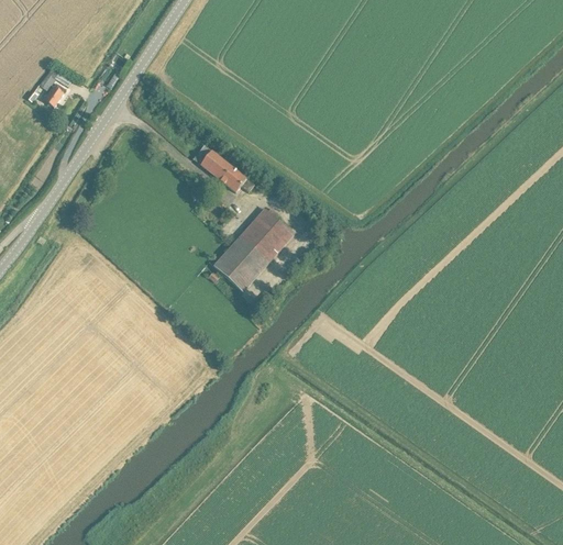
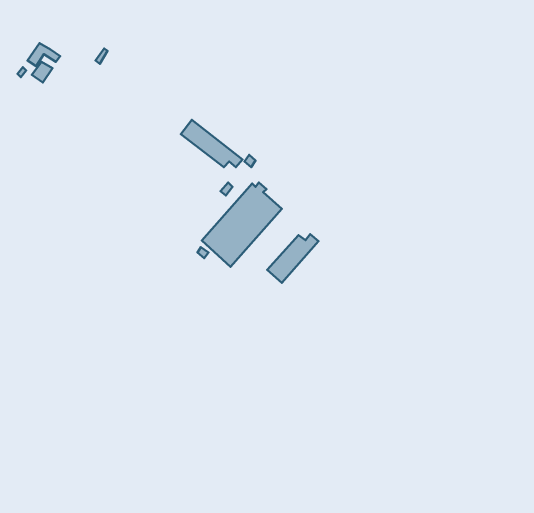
building: none -> [267,234,319,283]

